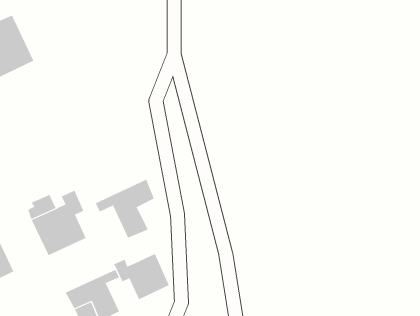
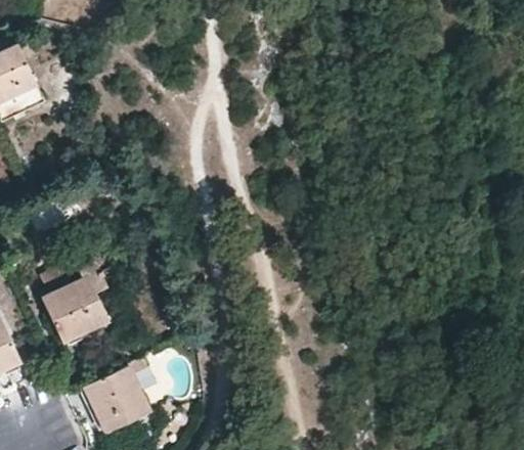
building: [95,179,155,239] -> none
building: [113,253,169,300] -> none

